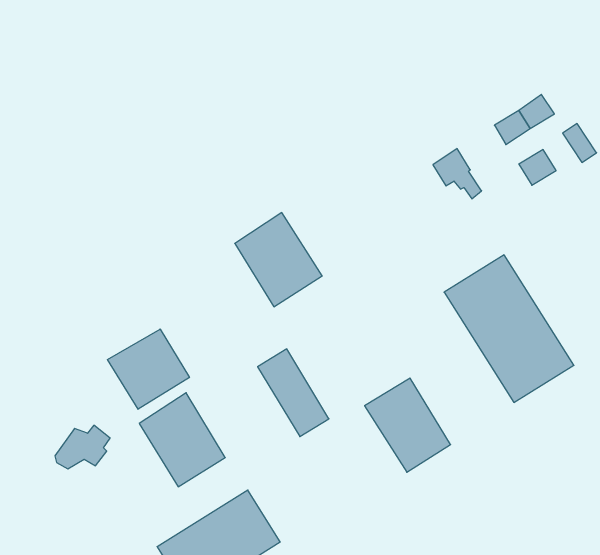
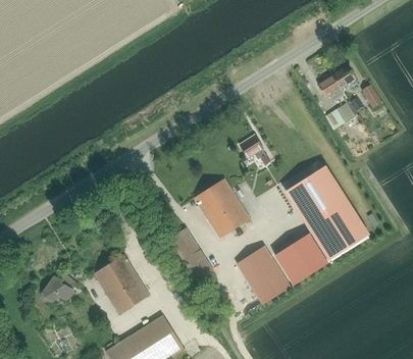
building: [433,149,482,199] -> [241,135,271,166]
building: [235,213,322,307] -> [195,178,250,238]
building: [107,329,189,409] -> none
building: none -> [272,226,321,277]

